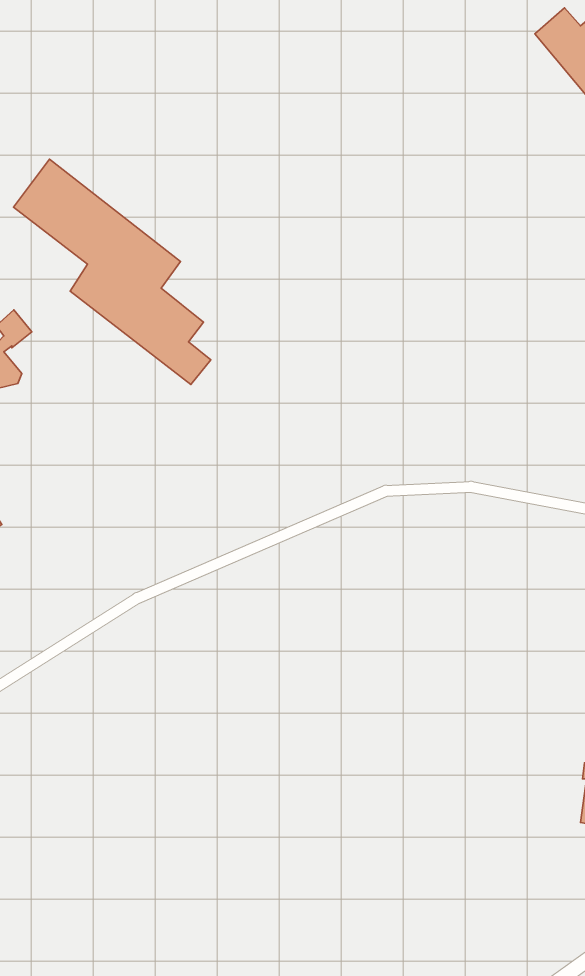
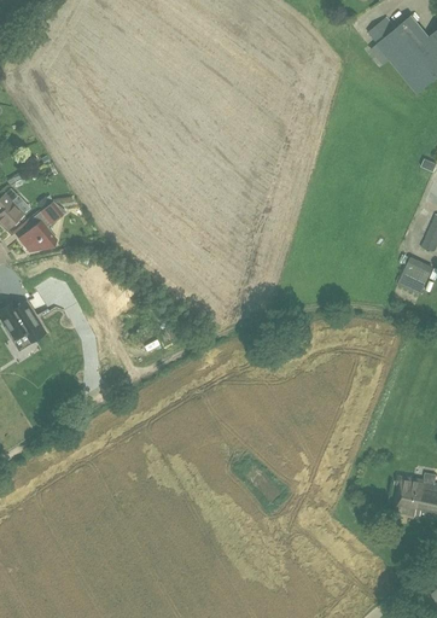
building: [13,159,211,385] -> none

